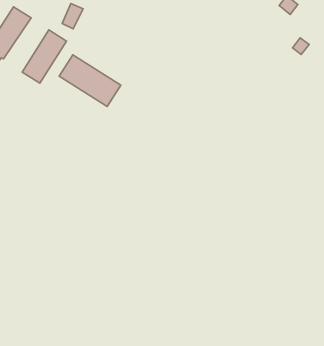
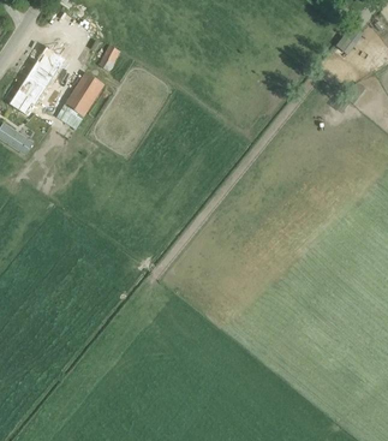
building: [59,55,121,107] -> none

